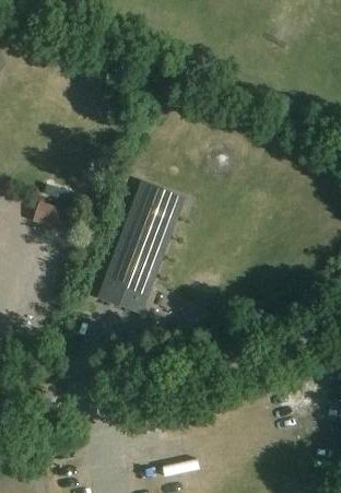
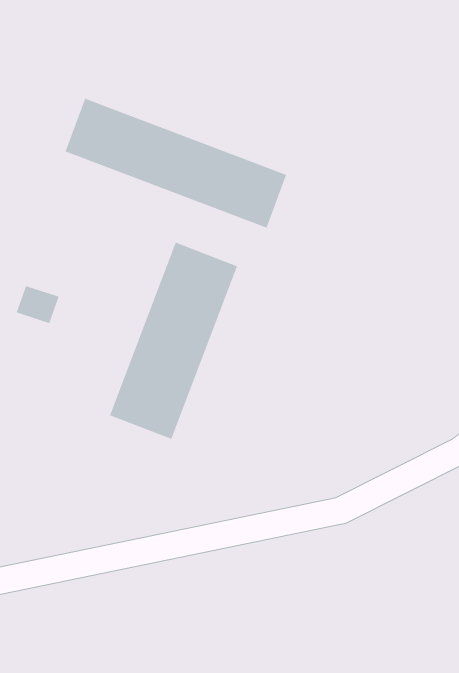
building: none -> [65,98,287,228]

